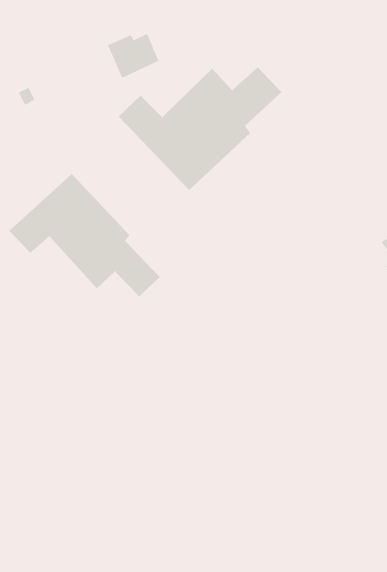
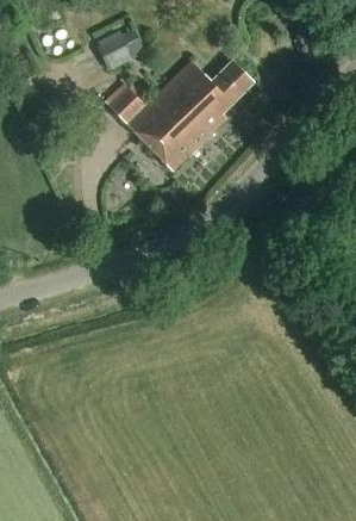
building: [9,173,160,297] -> none

